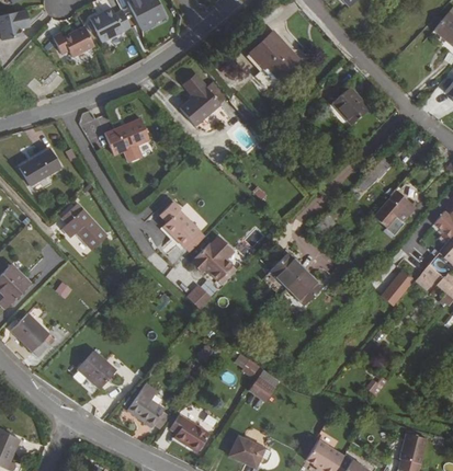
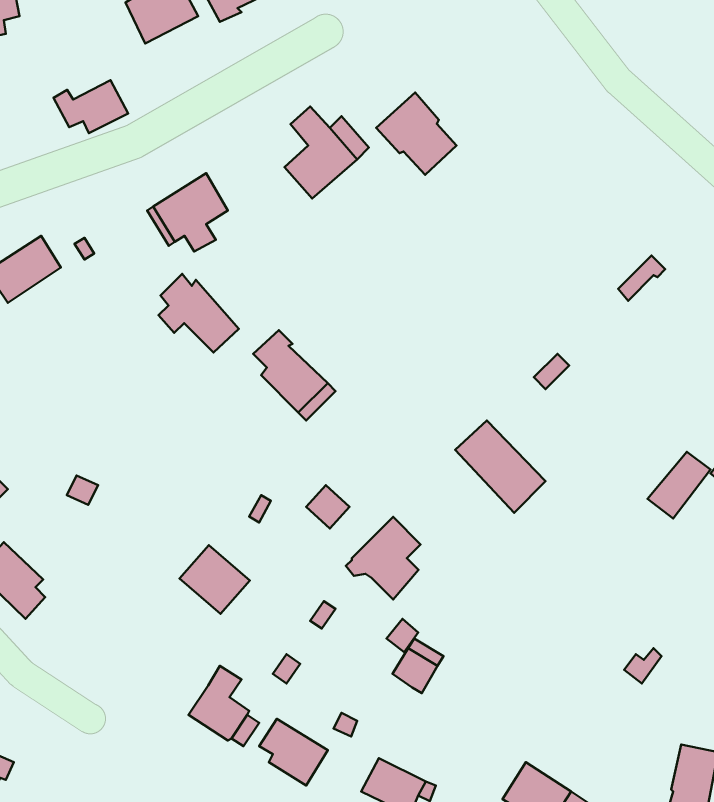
building: [53,24,94,54] -> [54,80,128,133]
building: [252,31,297,77] -> [376,92,456,175]
building: [333,85,372,123] -> none
building: [376,189,410,220] -> none
building: [61,209,106,253] -> [159,274,239,352]
building: [193,233,235,279] -> [346,517,421,599]
building: [73,355,113,393] -> [179,545,250,614]

